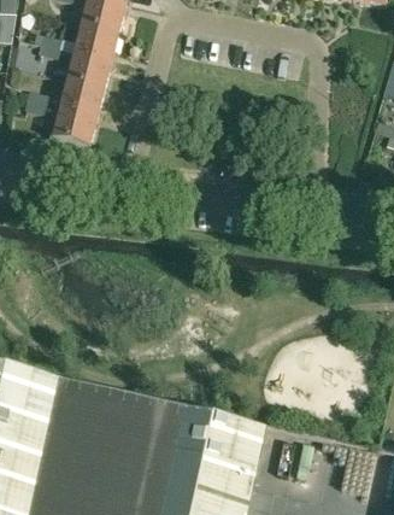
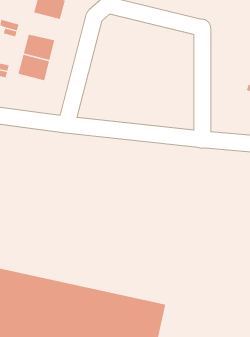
building: [72,24,117,62] -> none
building: [51,109,95,147] -> none

